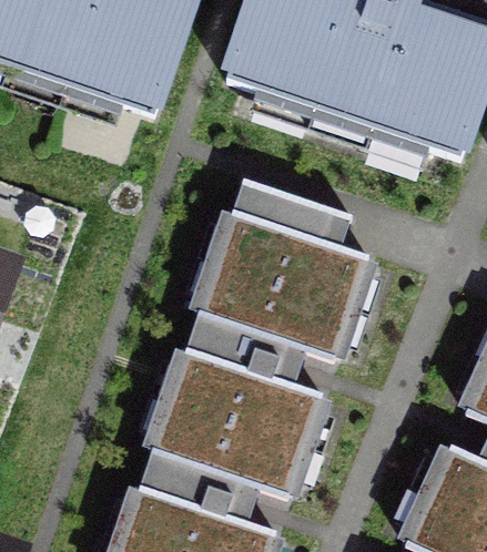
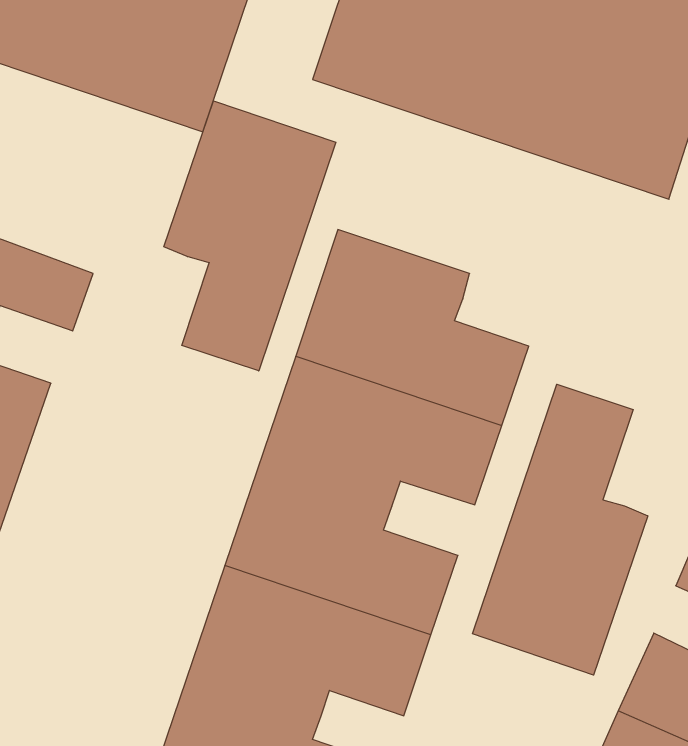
building: none -> [164,101,336,371]
building: none -> [472,384,648,675]

